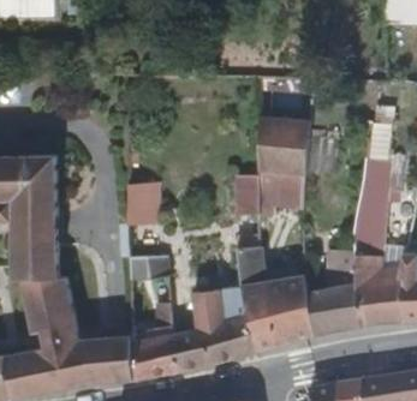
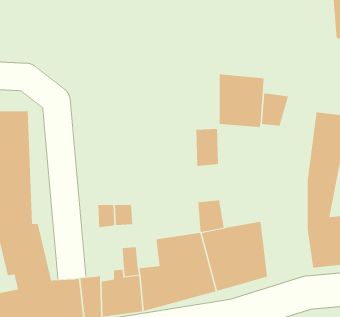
building: [258,168,304,217] -> none
building: [126,181,160,226] -> none
building: [308,281,361,333] -> none

